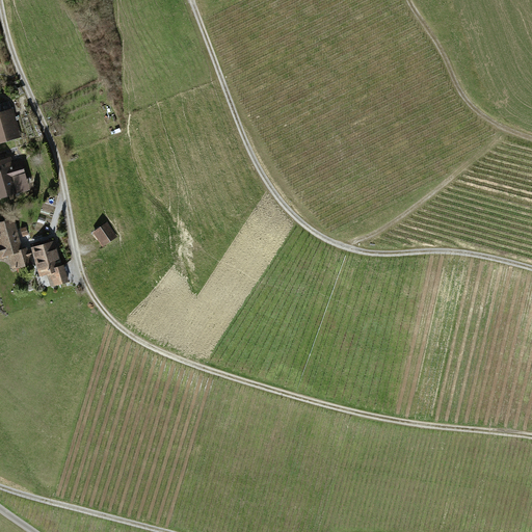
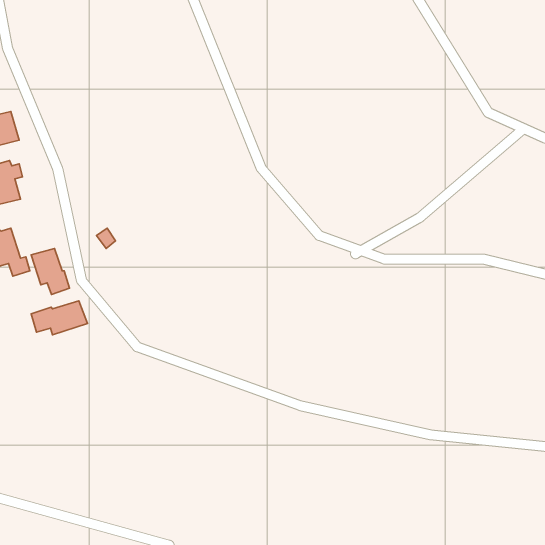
building: none -> [31,301,87,335]

